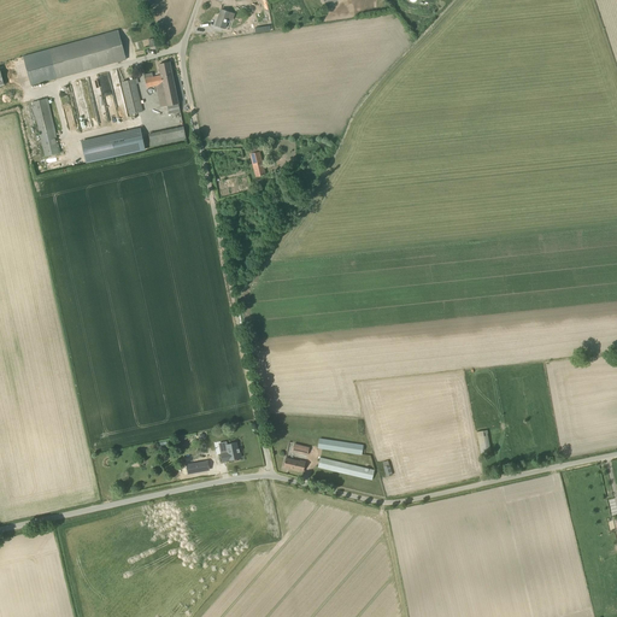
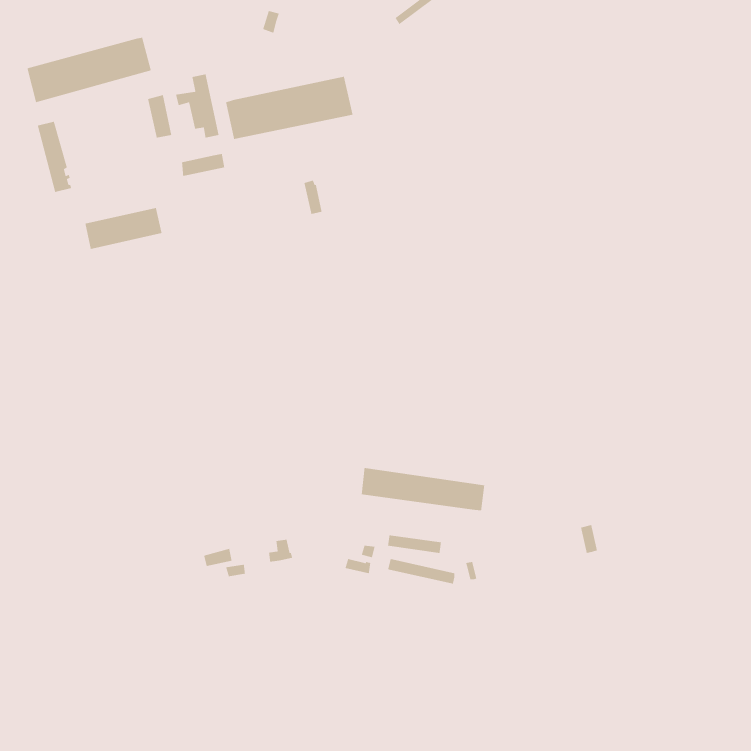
building: none -> [225,76,354,140]
building: [80,128,143,163] -> [84,207,162,250]
building: none -> [361,467,485,511]

